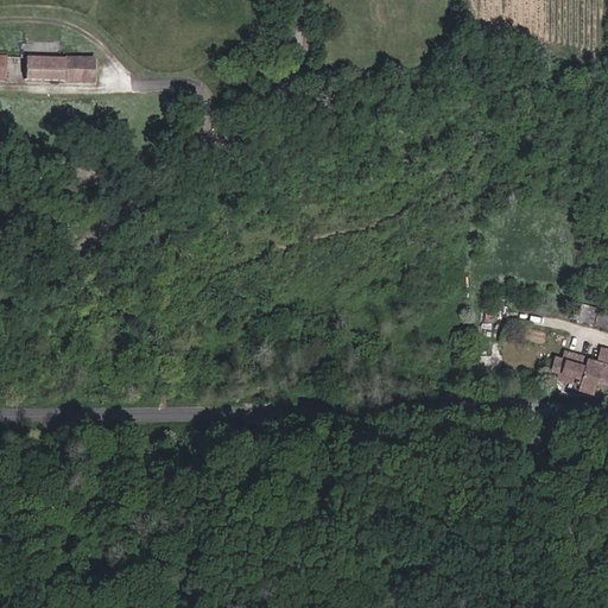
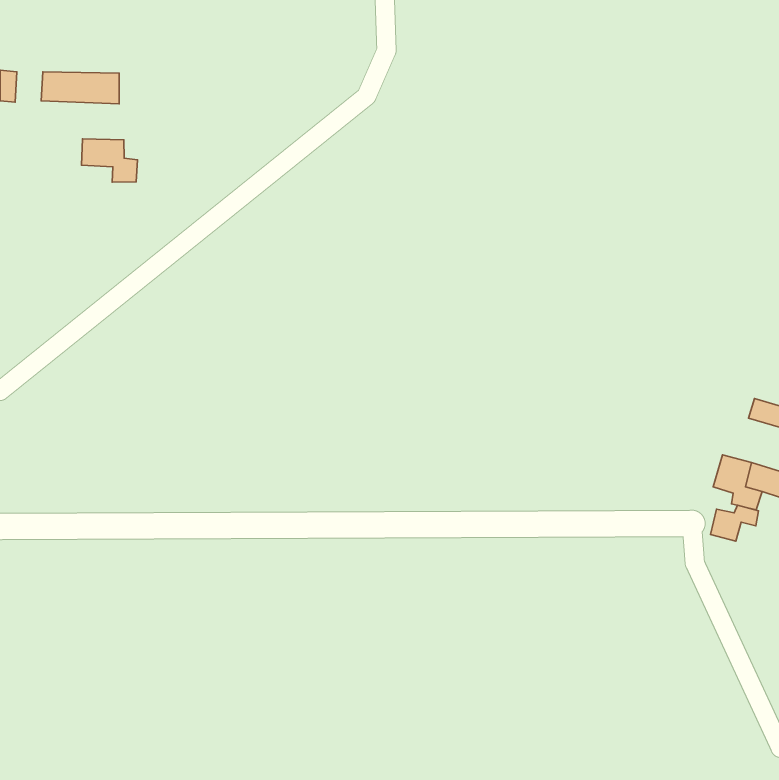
building: none -> [82,139,137,182]
building: none -> [710,505,759,541]

